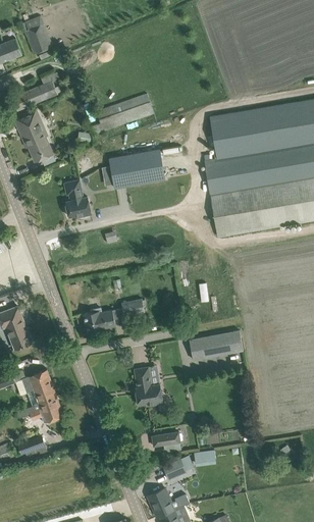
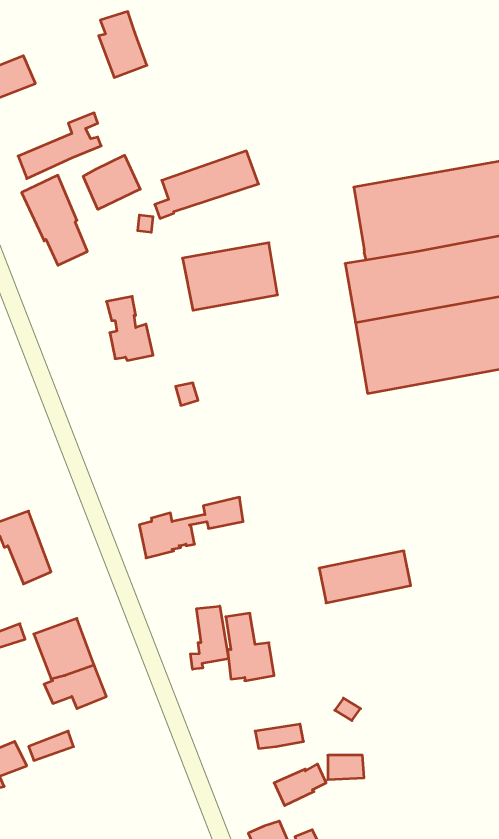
building: [23,16,52,55] -> [99,12,147,77]
building: none -> [83,155,140,209]
building: none -> [190,606,229,669]

